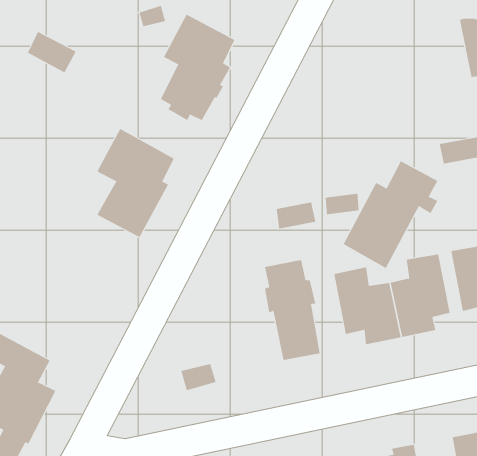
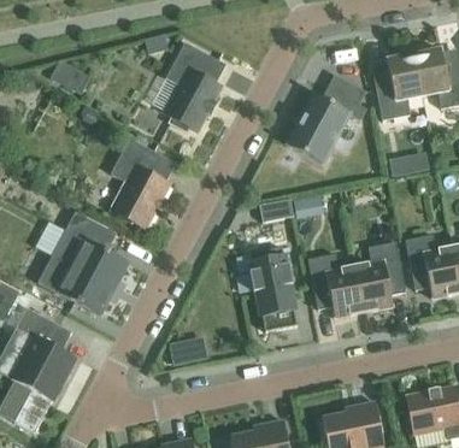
building: none -> [372,47,422,119]
building: [343,161,438,269] -> [286,75,365,165]
building: none -> [37,211,128,314]

